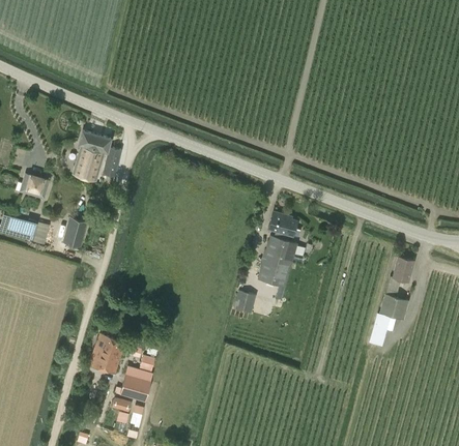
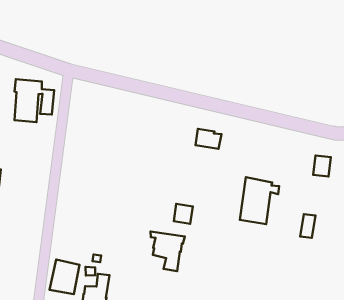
building: [63,217,86,246] -> none
building: [257,234,305,288] -> [240,177,279,224]
building: [378,293,408,320] -> none
building: none -> [150,232,185,271]

